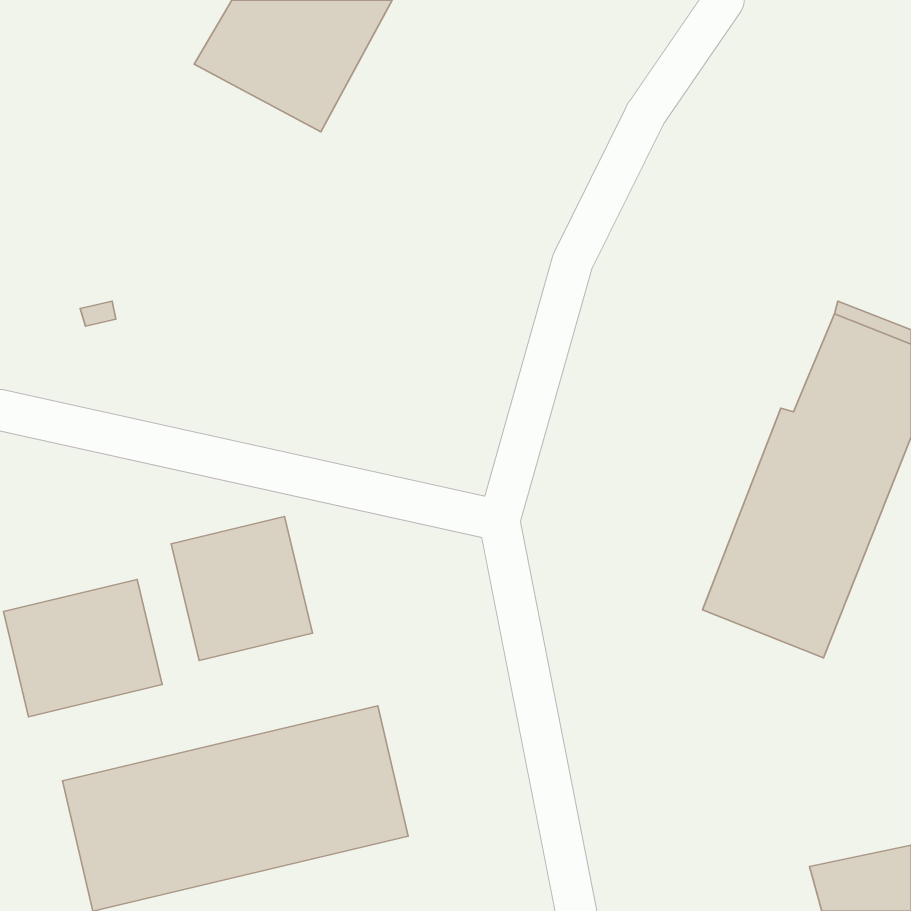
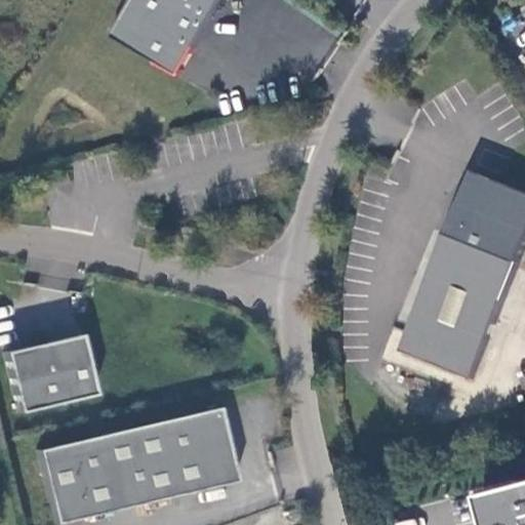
building: [171,516,312,661] -> none

